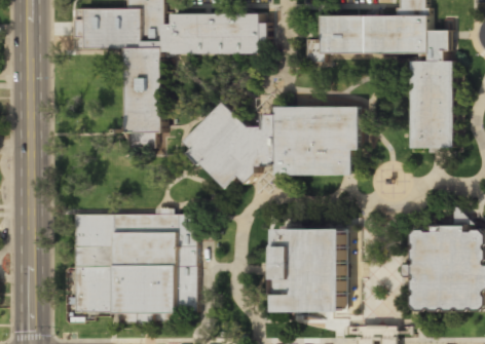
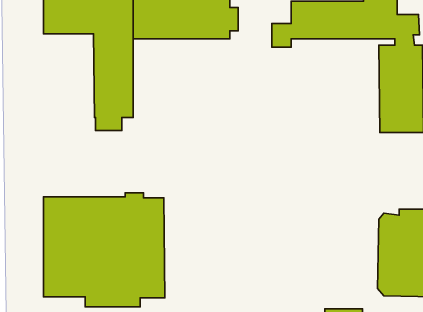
building: [179,103,359,187] -> none
building: [270,225,352,312] -> none

